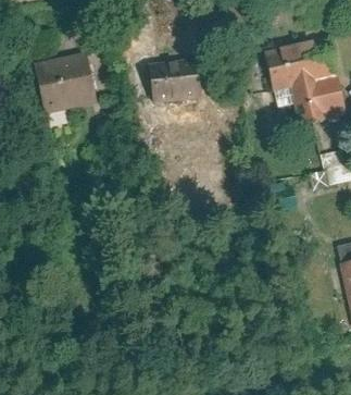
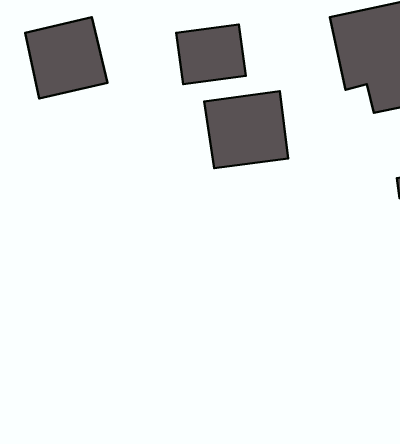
building: none -> [204,91,288,168]

